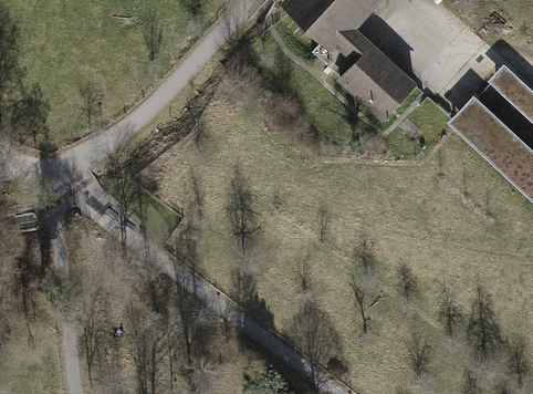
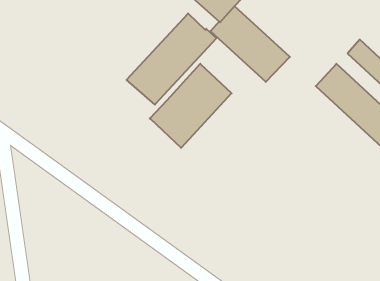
building: none -> [127,13,216,105]
building: none -> [150,64,232,148]

